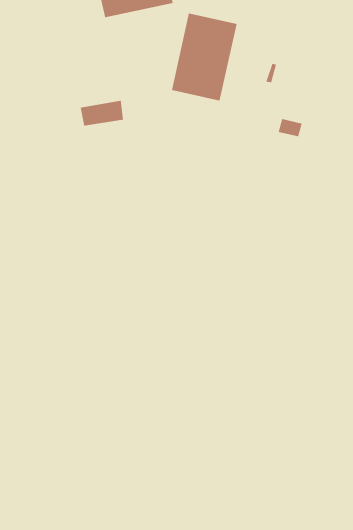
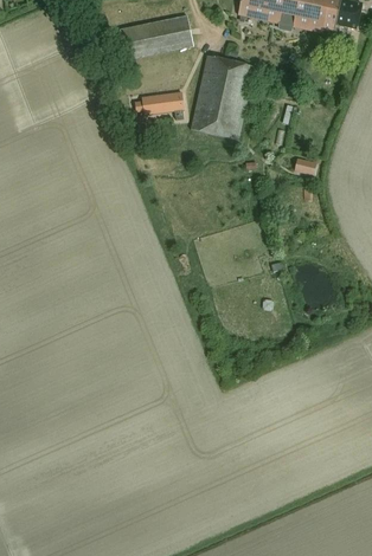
building: [80,100,124,126] -> [141,90,184,115]

